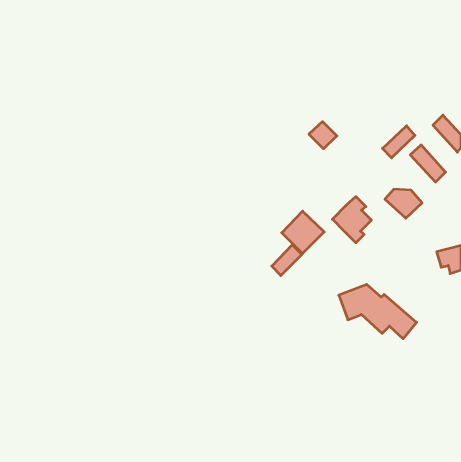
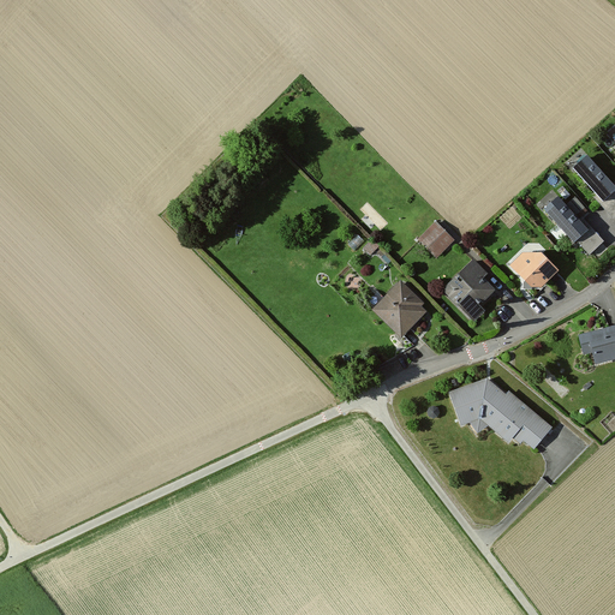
building: [309,122,337,149] -> [416,220,453,256]
building: [382,126,415,158] -> none
building: [272,245,302,276] -> none

